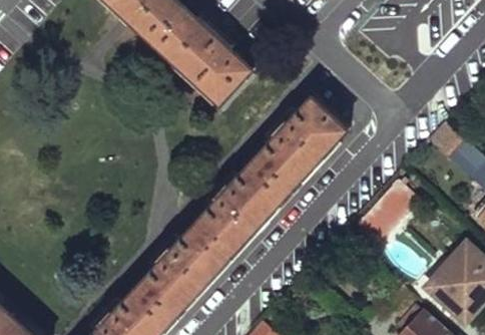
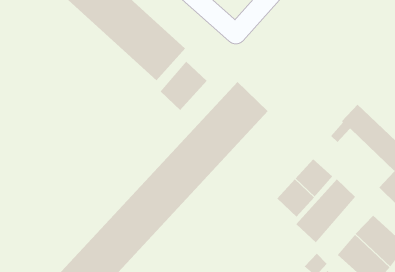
building: none -> [160,61,208,111]
building: none -> [296,179,356,243]

